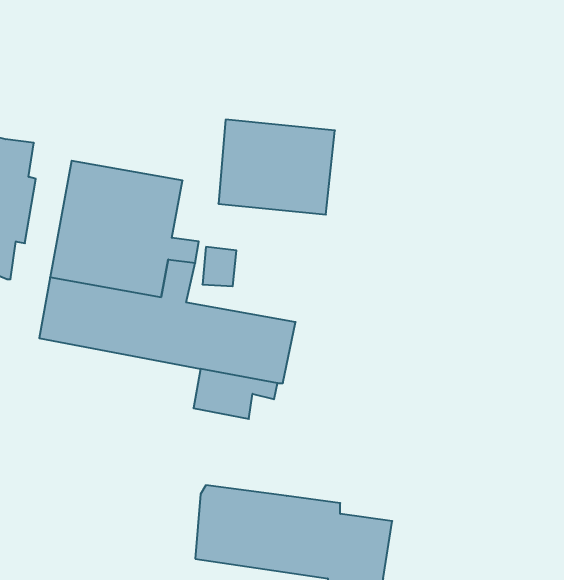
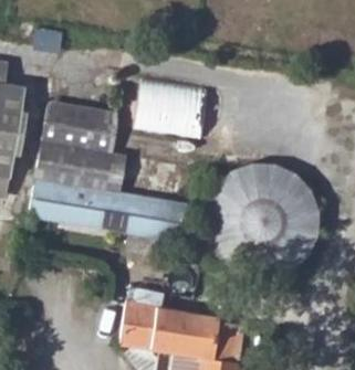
building: none -> [203,162,314,273]

